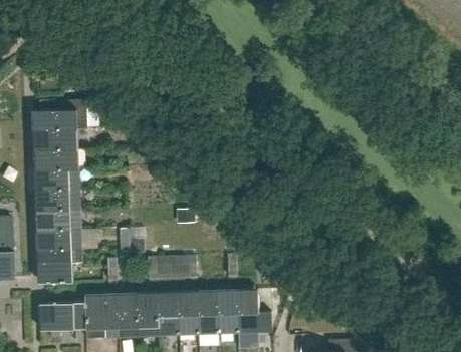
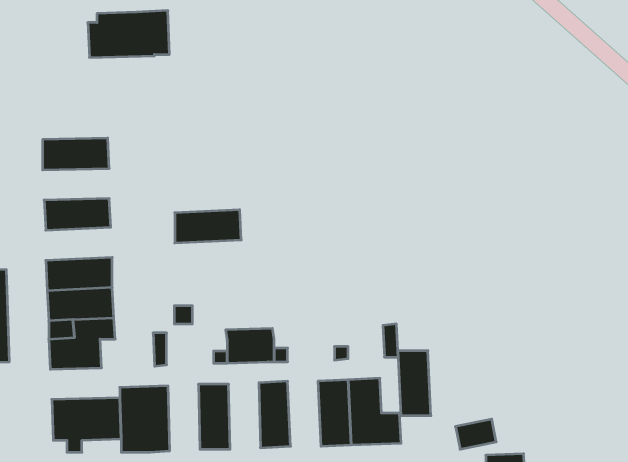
building: [32,99,86,130] -> [88,11,169,57]
building: [33,149,77,170] -> none
building: [35,189,79,211] -> [175,210,241,243]
building: [196,291,218,334] -> [398,351,431,416]
building: [157,292,178,336] -> none
building: [117,293,138,337] -> none

